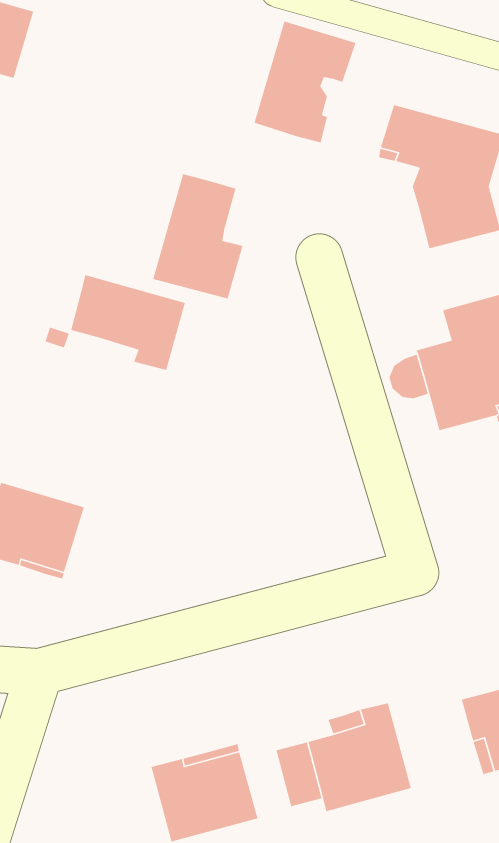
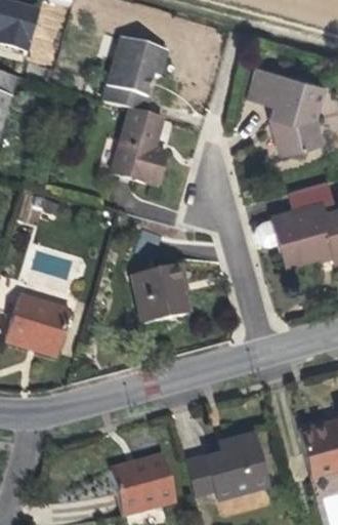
building: [254,20,356,144] -> [104,38,167,113]
building: [70,274,186,371] -> none
building: none -> [133,265,189,324]

